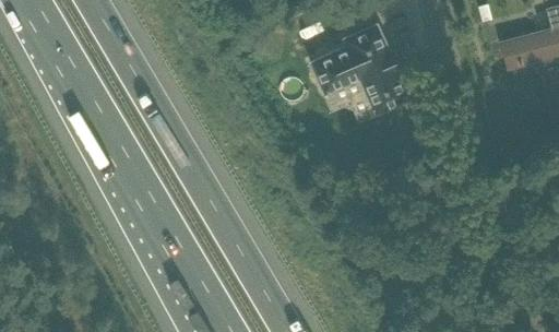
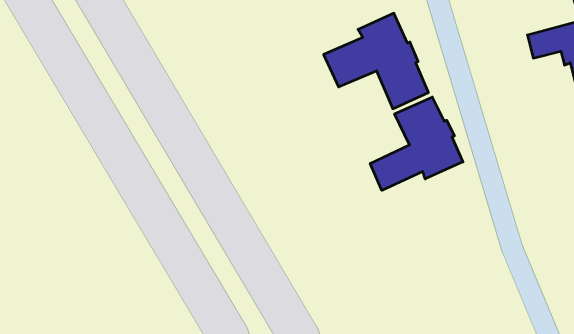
building: none -> [370,97,463,190]

